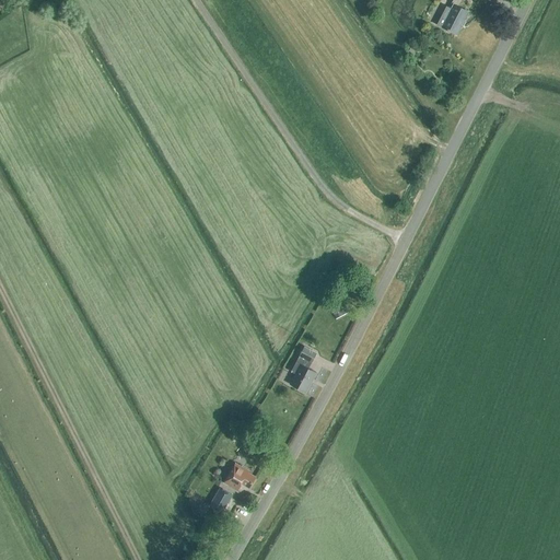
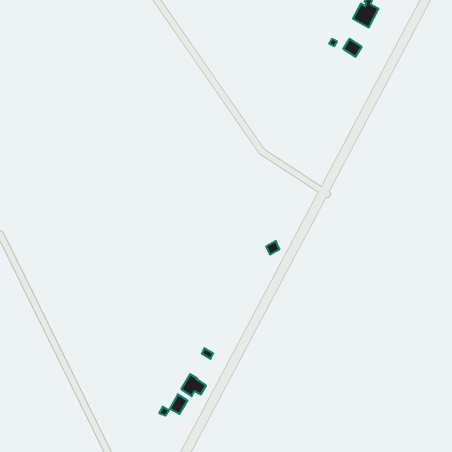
building: [290,346,316,392] -> none

